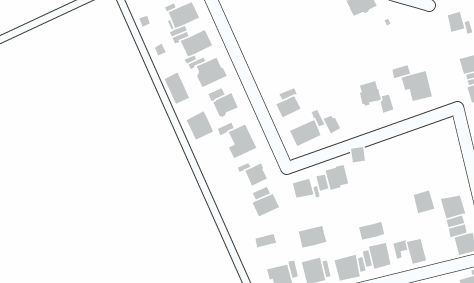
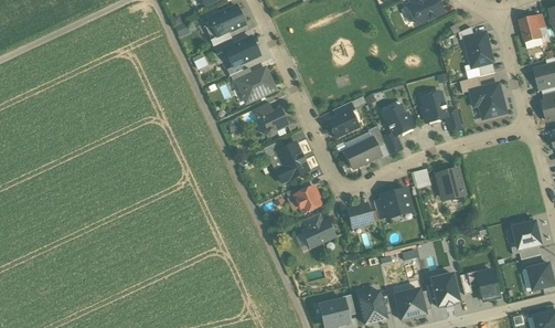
building: none -> [463,31,494,75]
building: [164,72,190,105] -> none
building: none -> [384,105,414,135]
building: [186,110,214,141] -> none
building: [413,189,435,214] -> [438,169,463,197]
building: [358,221,385,241] -> none
building: [298,225,327,249] -> none

